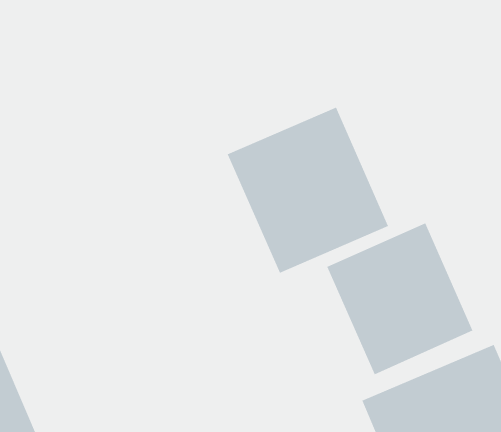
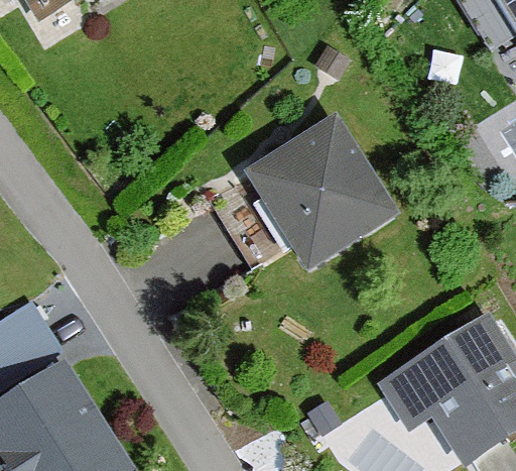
building: [327,222,473,375] -> none

